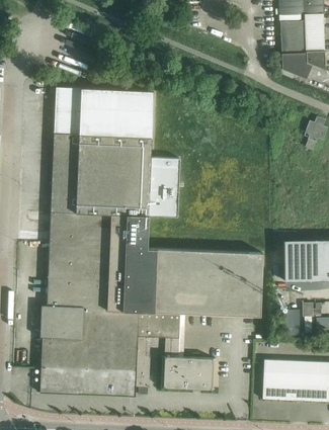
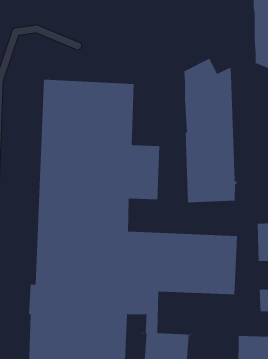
building: none -> [184,58,237,203]

